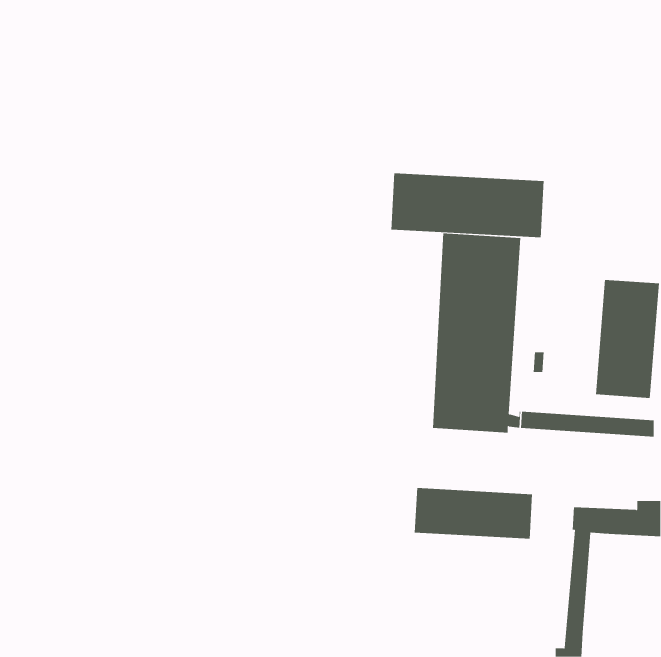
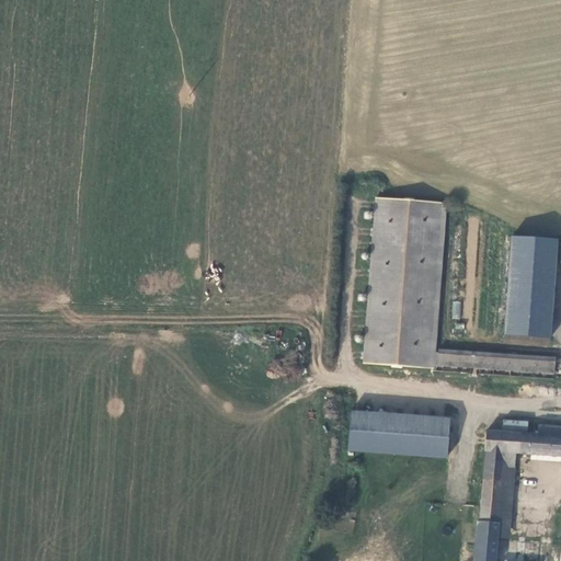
building: [391,172,544,238] -> none
building: none -> [494,451,515,538]

